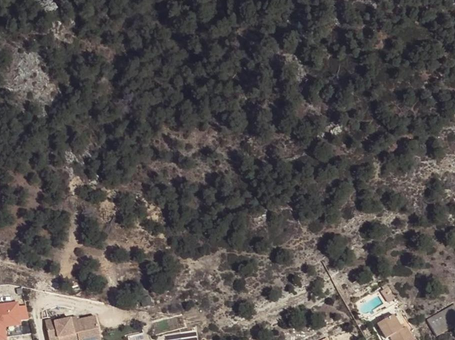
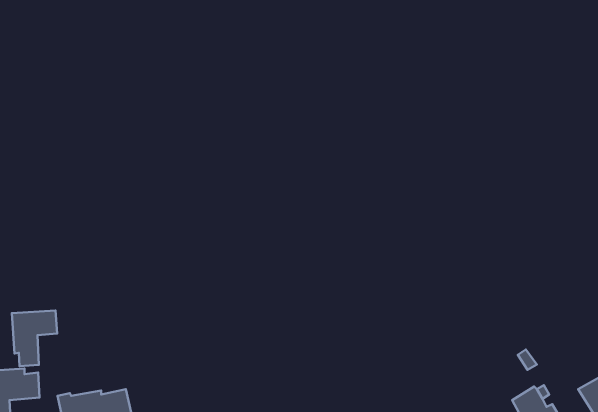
building: none -> [12,311,57,366]

